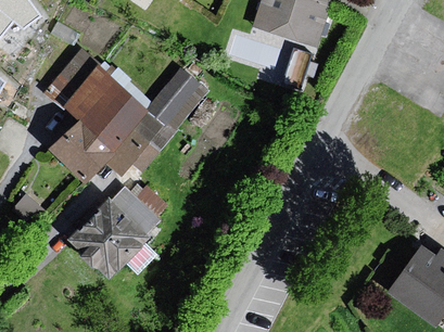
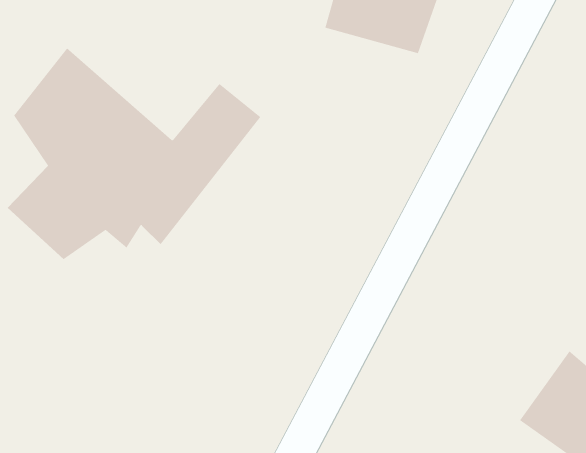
building: [66,181,173,283] -> none

